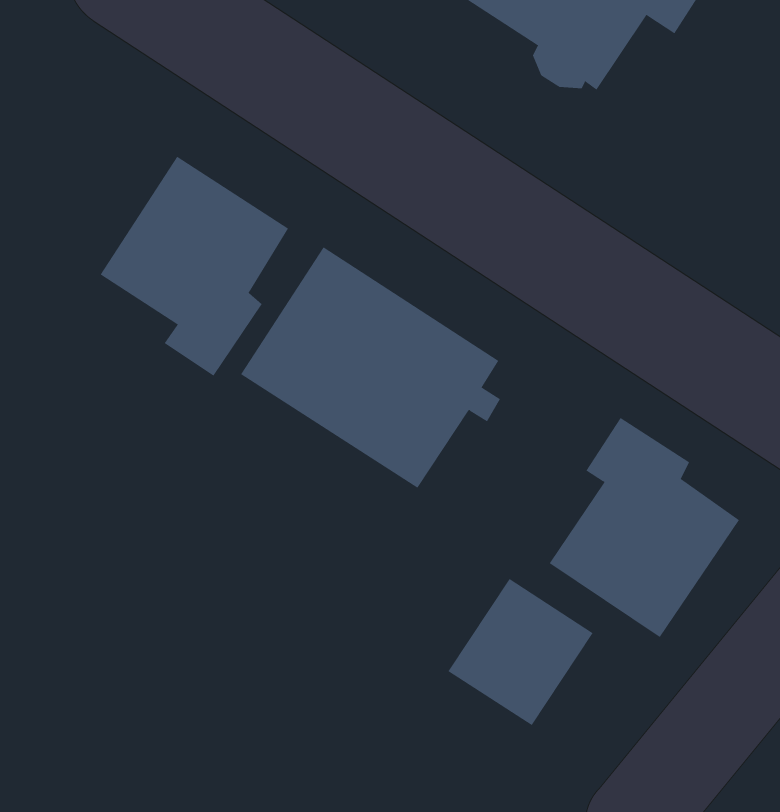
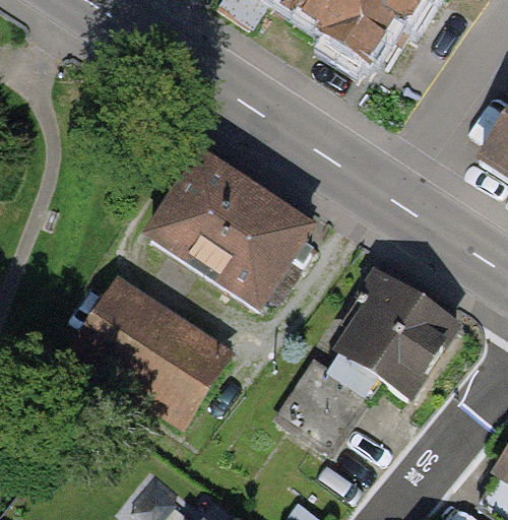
building: [100,156,289,377] -> none
building: none -> [77,280,228,415]

